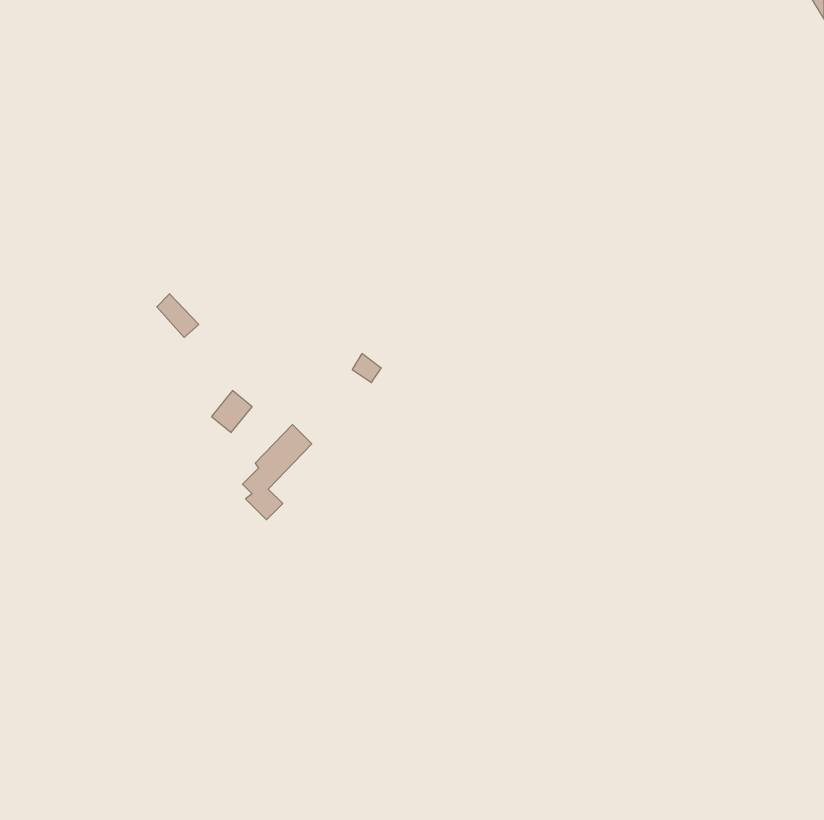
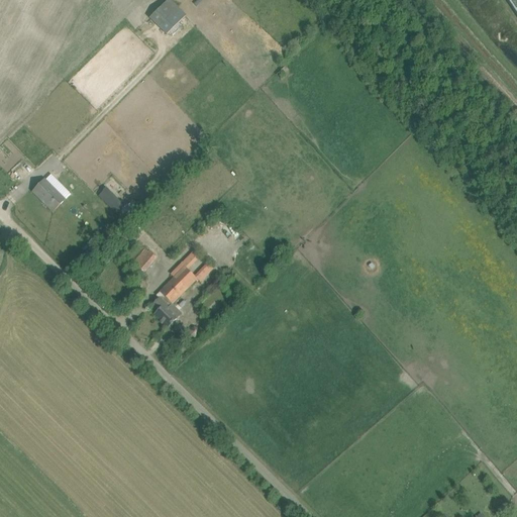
building: none -> [154,4,184,32]
building: none -> [32,178,65,209]

